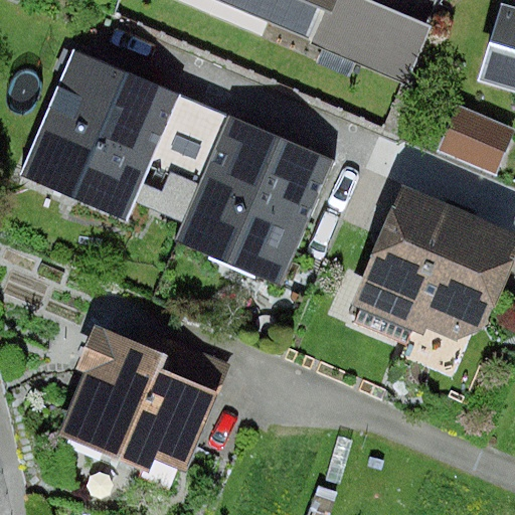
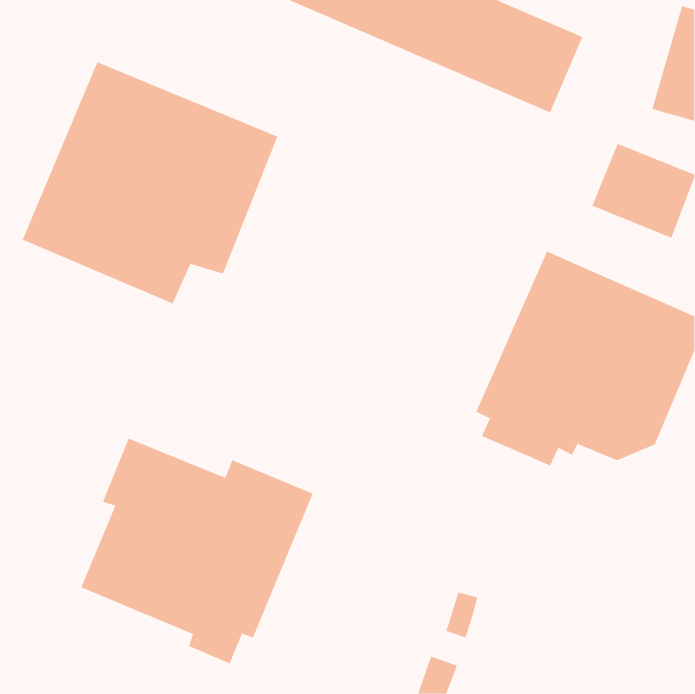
building: [165,101,342,291] -> none

